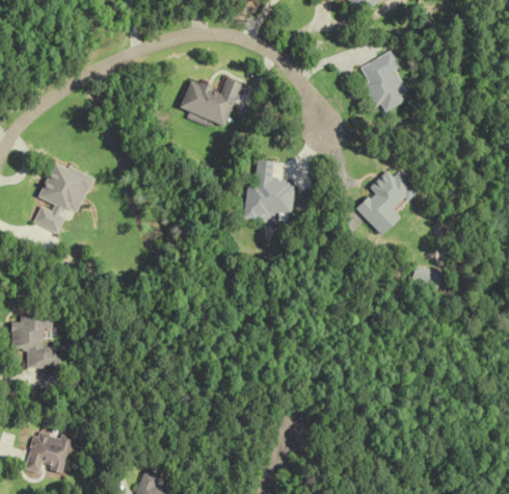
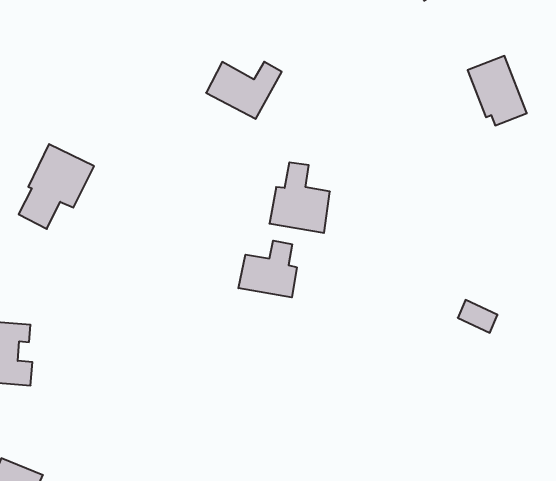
building: [355,53,408,112] -> [468,56,527,125]
building: [355,172,417,238] -> none
building: none -> [238,241,297,297]

